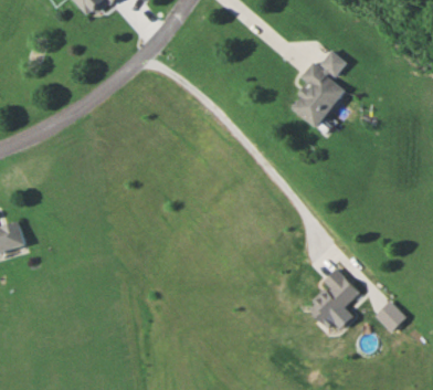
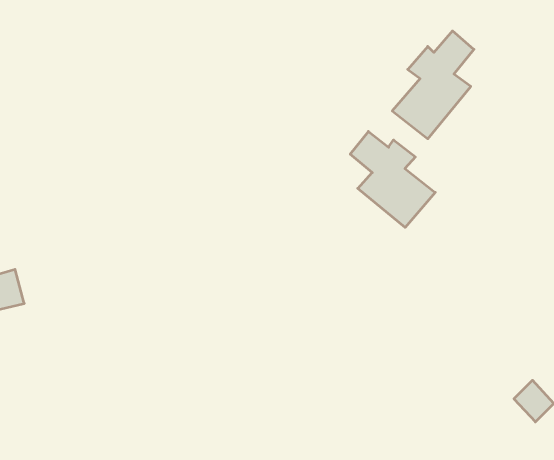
building: none -> [350,131,435,227]
building: [309,268,360,326] -> none

